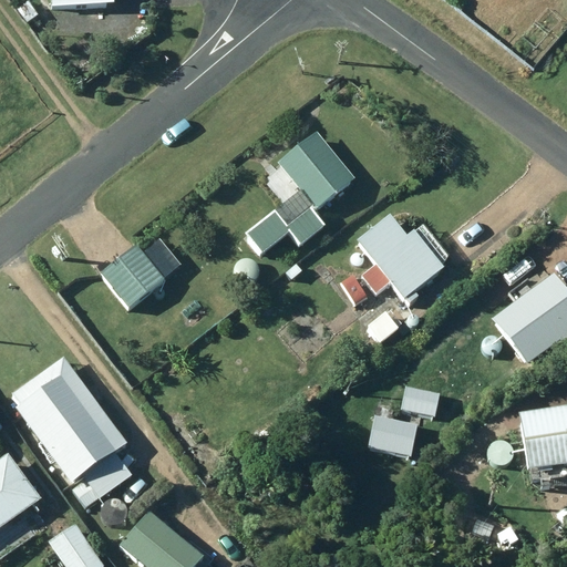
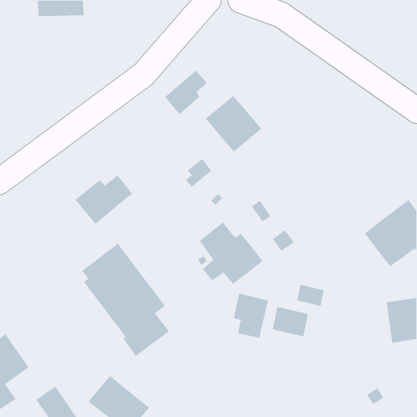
building: none -> [164,70,208,115]
building: [357,213,444,298] -> [199,221,263,285]
building: [12,355,132,509] -> [81,243,170,357]
building: none -> [233,293,269,339]

